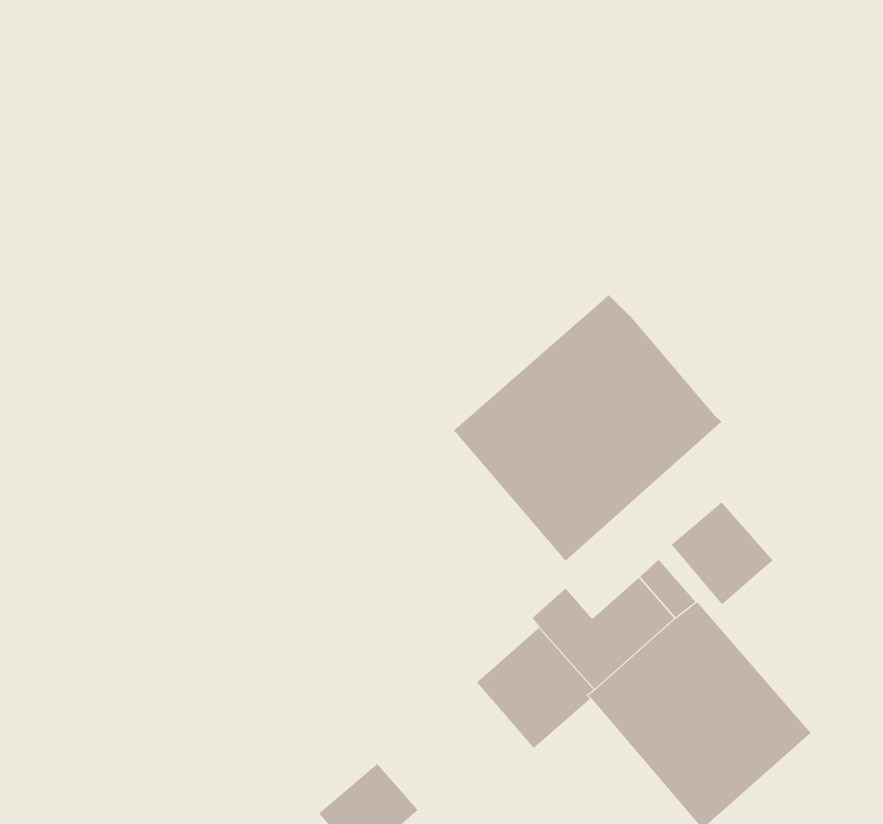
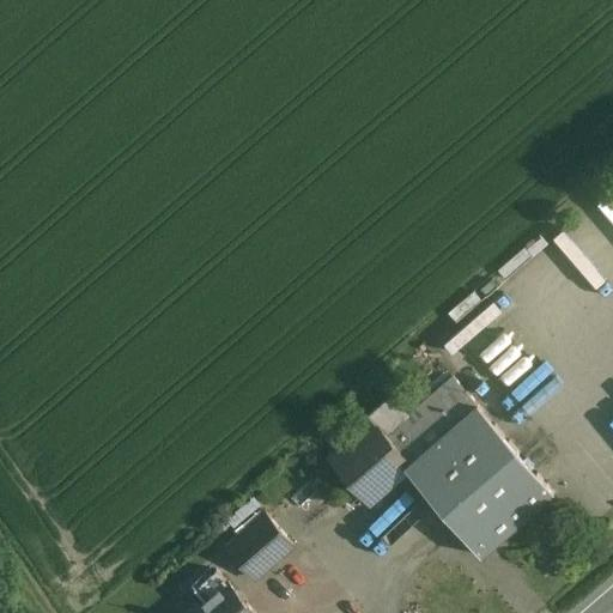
building: [453,293,722,561] -> none
building: [671,502,773,605] -> none

